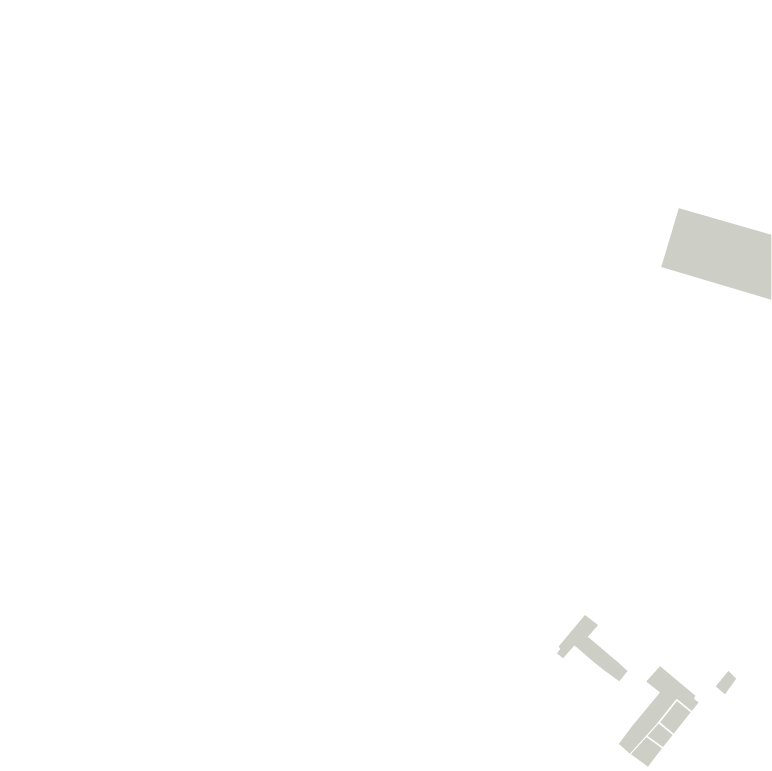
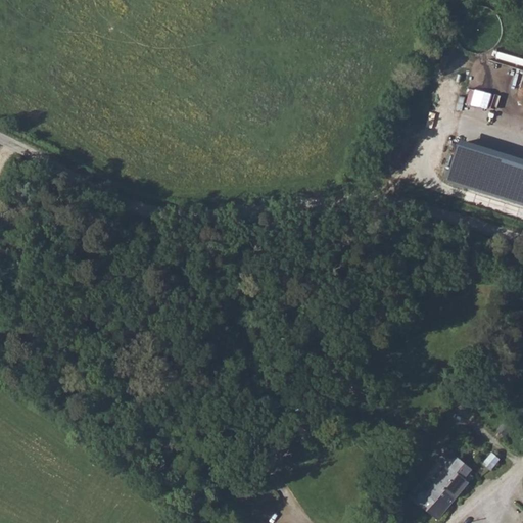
building: [556,614,628,683] -> none

